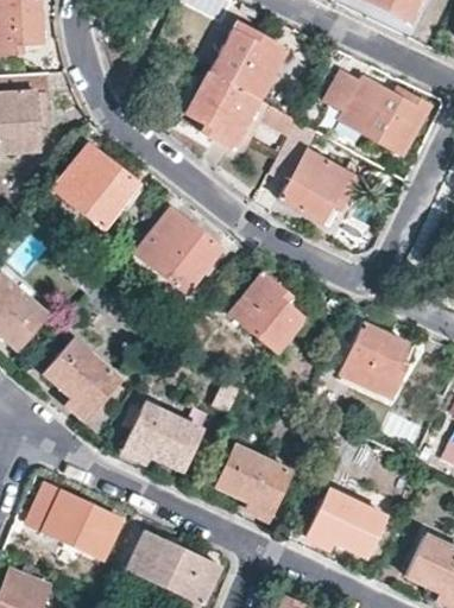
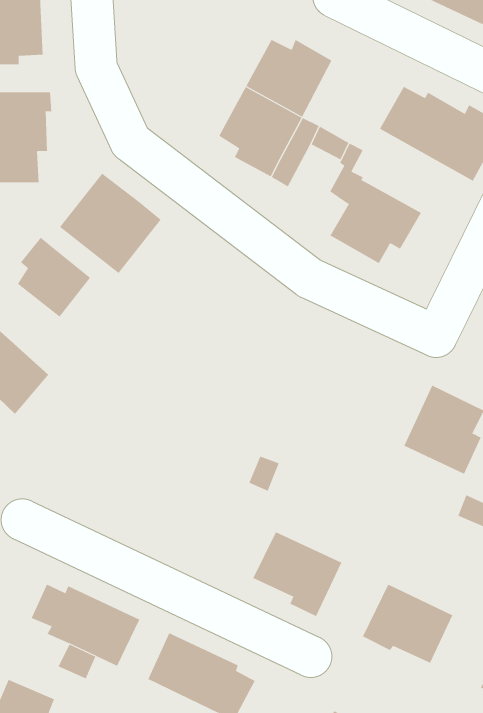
building: none -> [17,237,91,318]
building: [137,210,221,294] -> none
building: [231,274,302,352] -> none
building: [45,340,120,417] -> none
building: [125,403,201,469] -> none

